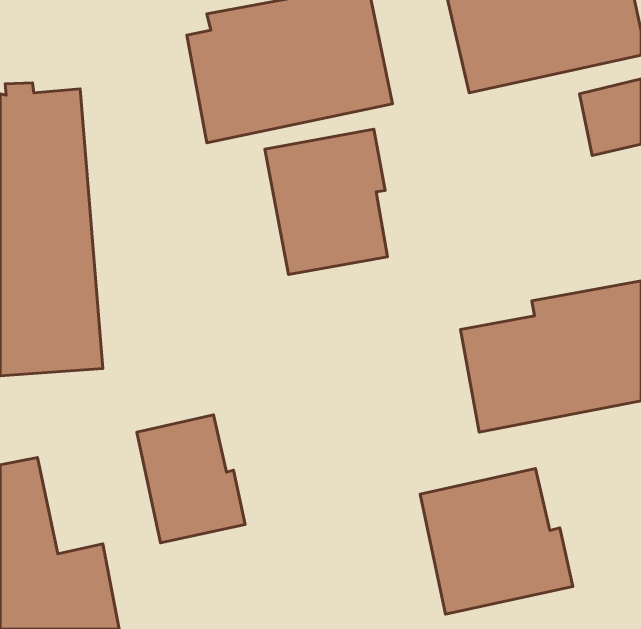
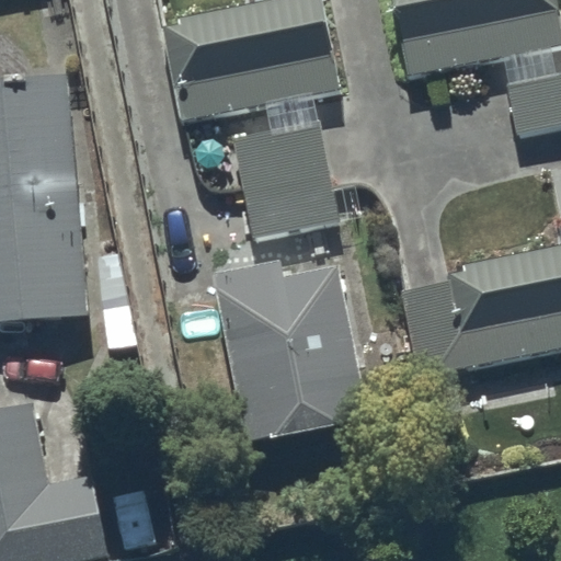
building: none -> [210,262,370,451]
building: [137,415,245,543] -> none
building: [420,468,573,614] -> none

